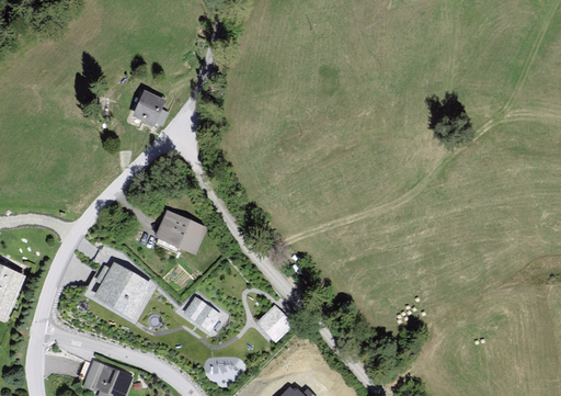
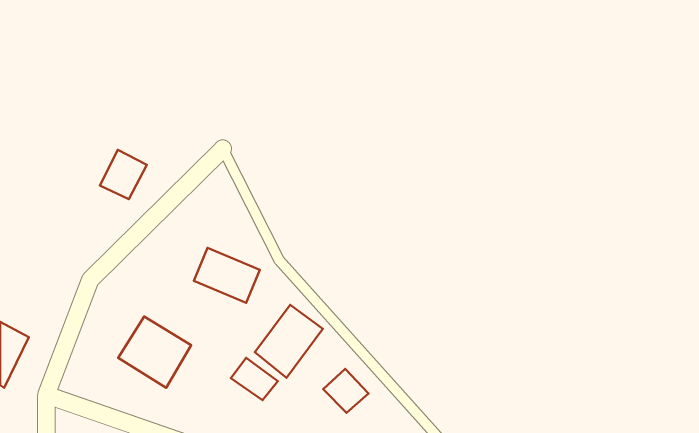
building: [128,91,165,131] -> [100,150,147,199]
building: none -> [255,305,323,378]

